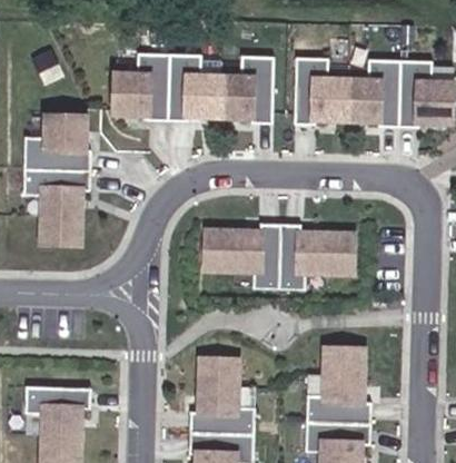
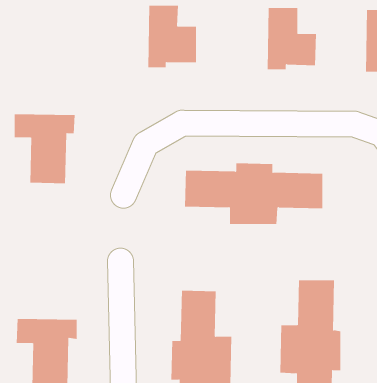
building: [111,53,166,121] -> none
building: [217,56,270,122] -> none
building: [344,58,397,126] -> none
building: [22,108,88,171] -> none

